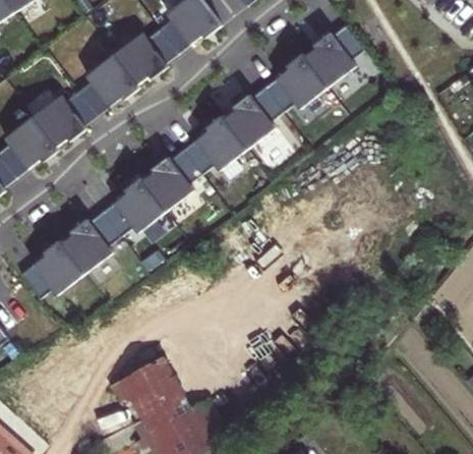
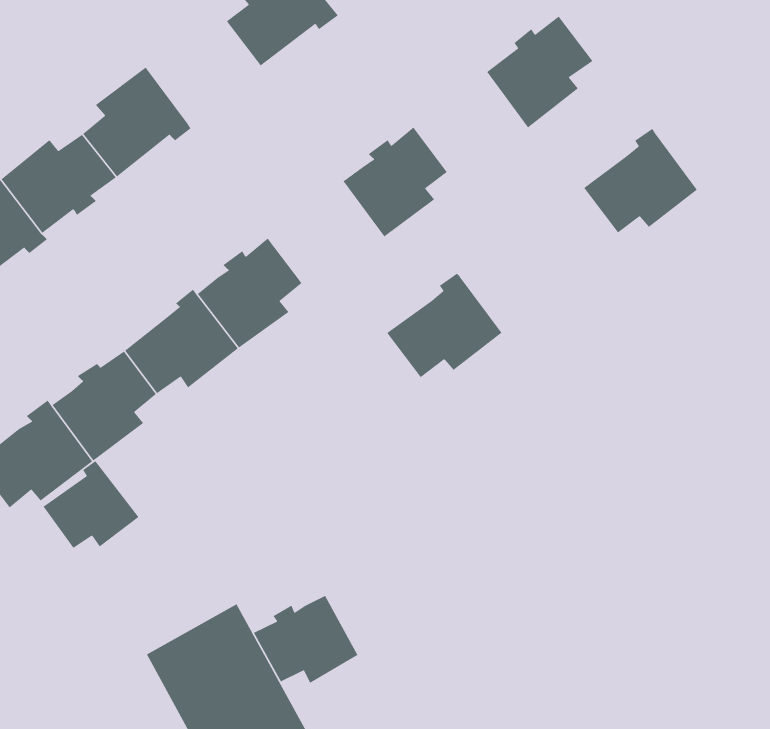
building: [113,27,177,84] -> none
building: [262,53,327,112] -> [583,128,698,233]
building: [181,115,246,174] -> [386,273,502,378]
building: none -> [43,460,139,549]
building: none -> [253,595,358,684]

